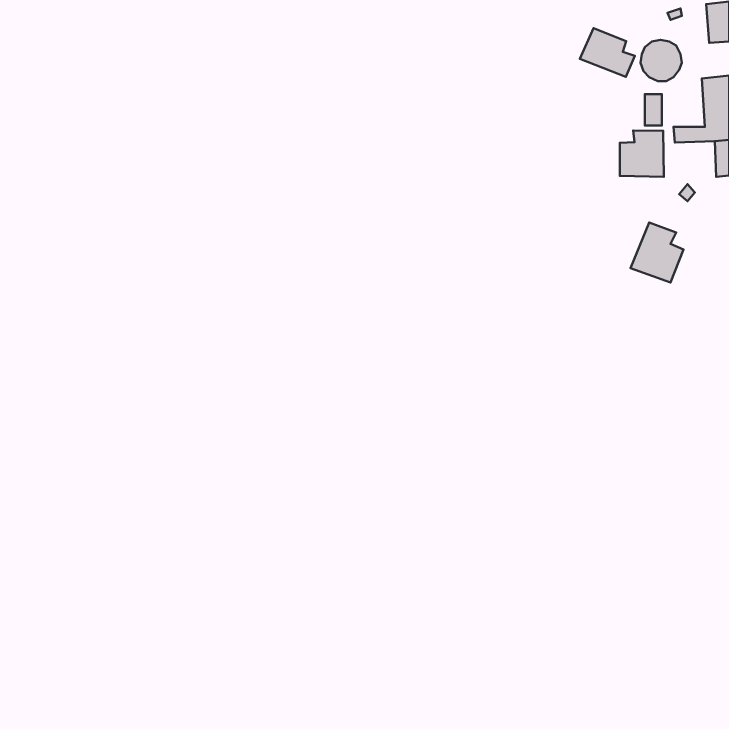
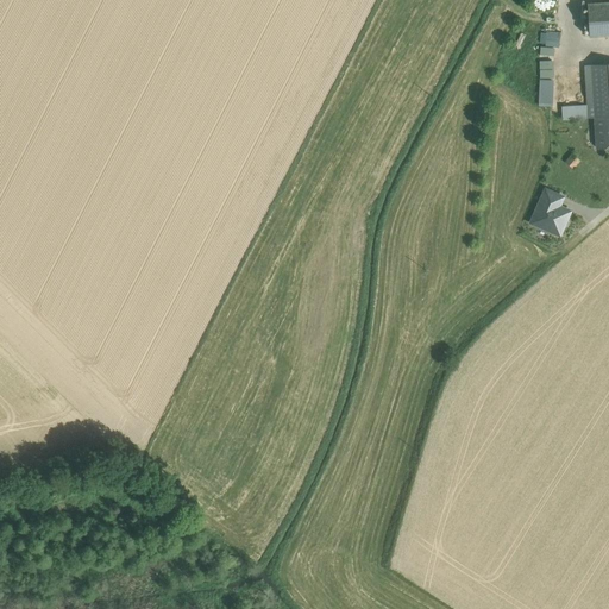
building: [580,28,635,77] -> none
building: [620,130,664,177] -> none

